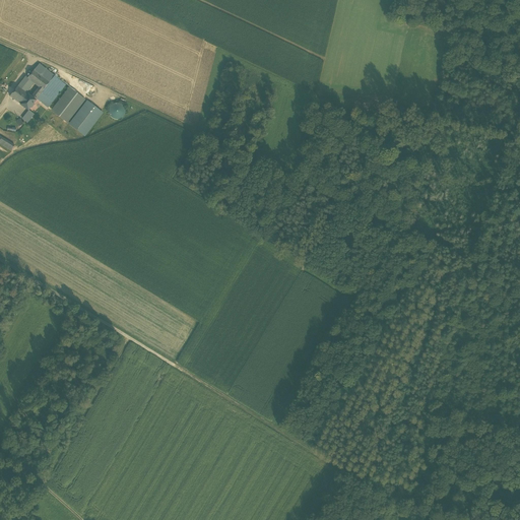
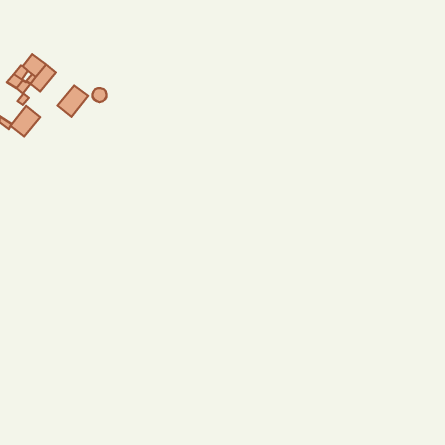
building: [50,86,84,122] -> [10,106,40,136]

